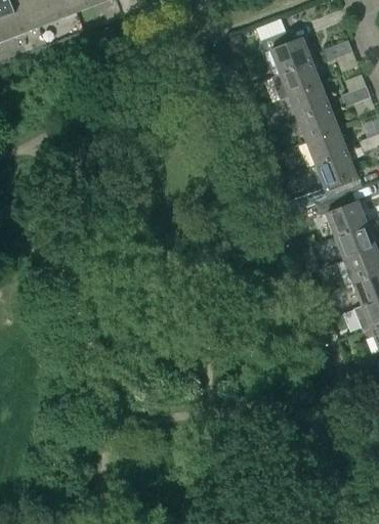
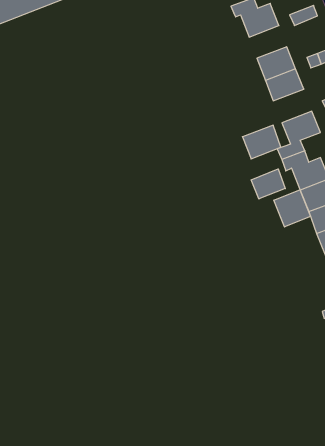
building: [270,59,321,98] -> none
building: [306,127,347,163] -> [242,125,281,159]
building: none -> [251,169,285,199]
building: none -> [274,190,311,227]

